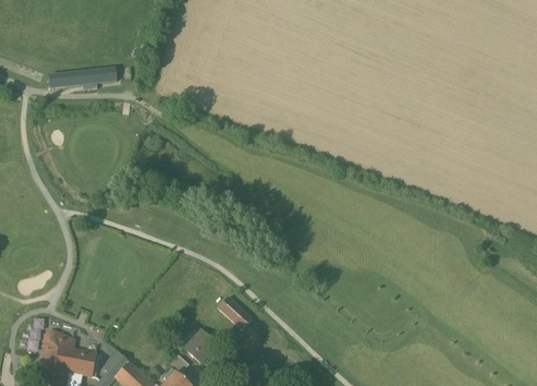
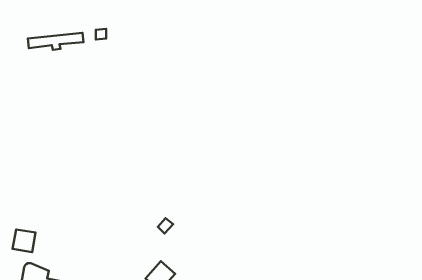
building: none -> [13,229,36,252]
building: [218,294,254,329] -> none

